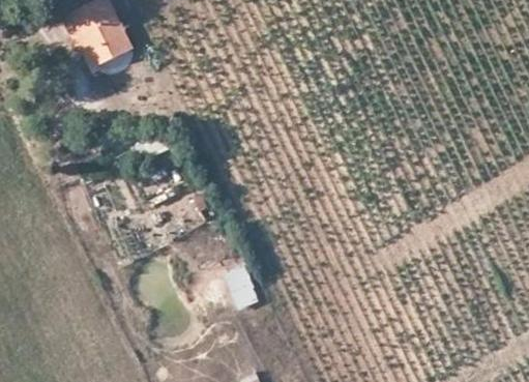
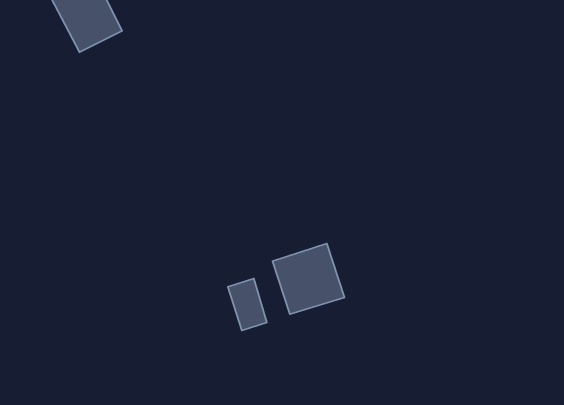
building: none -> [273,244,345,314]

